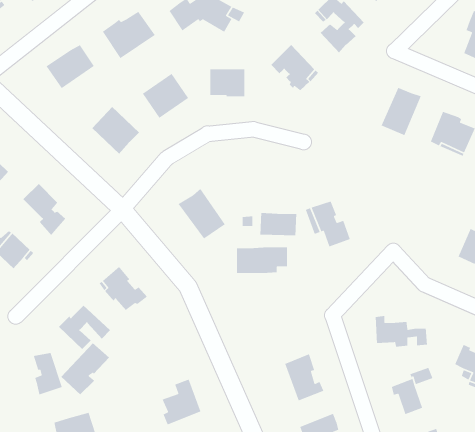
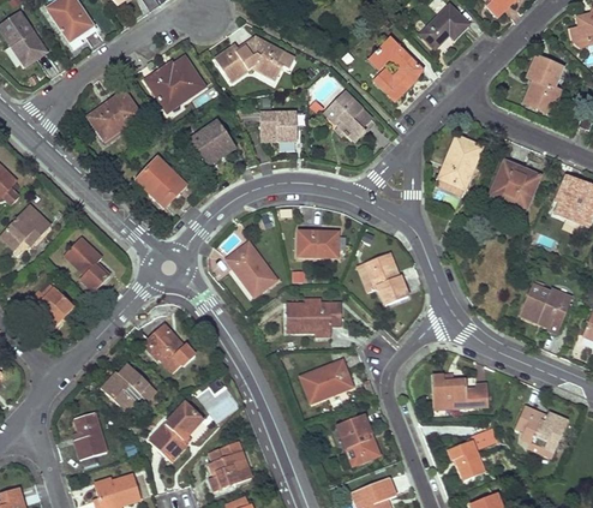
building: [259,212,297,236] -> [298,231,337,256]
building: none -> [300,359,352,401]
building: [61,342,110,395] -> [150,404,202,459]

